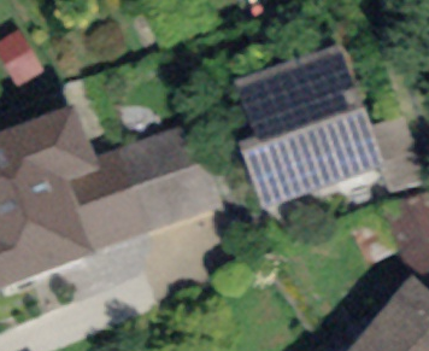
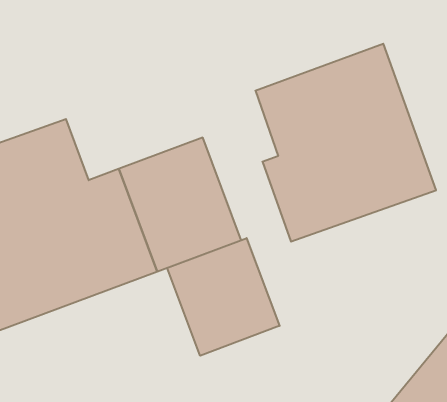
building: none -> [167,238,280,356]

